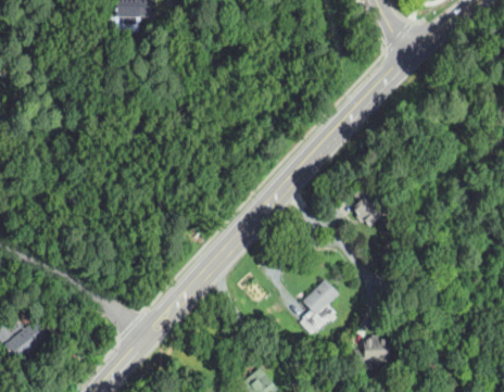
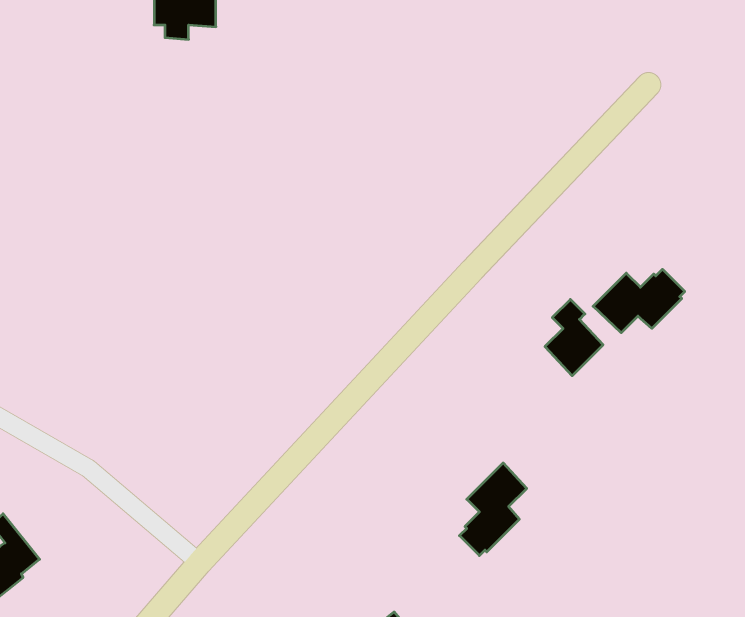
building: none -> [593,269,685,333]
building: [364,339,389,365] -> none

